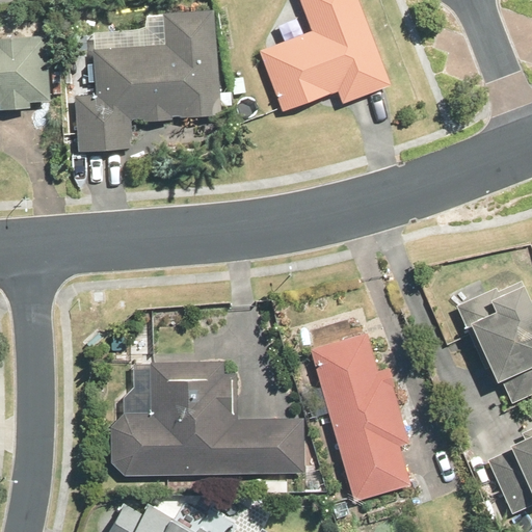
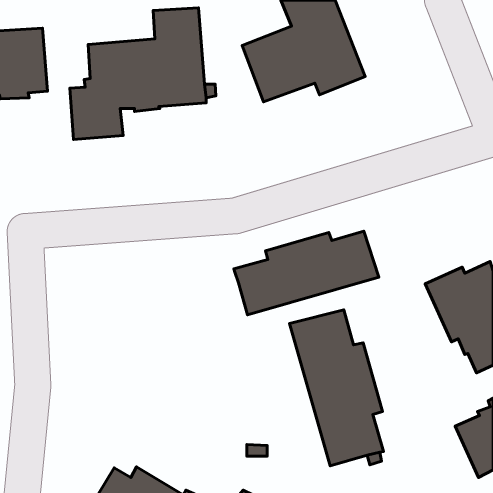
building: none -> [234,231,379,315]
building: [111,360,303,477] -> none

